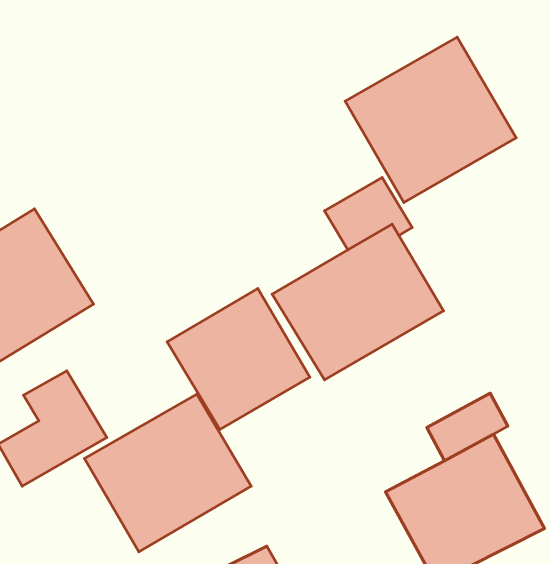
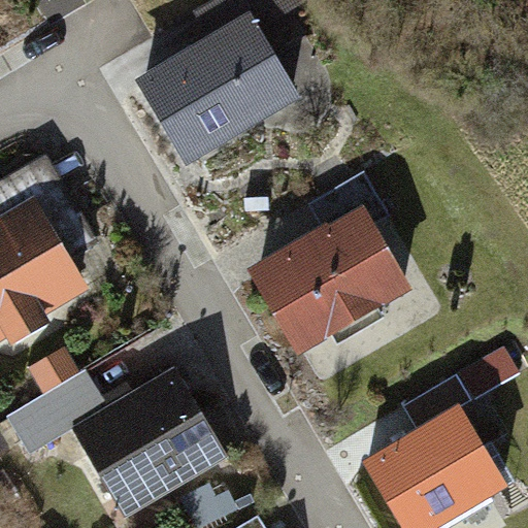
building: none -> [140,14,300,162]
building: [345,37,516,203] -> none
building: [167,289,310,430] -> none

